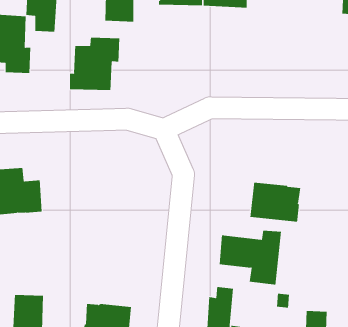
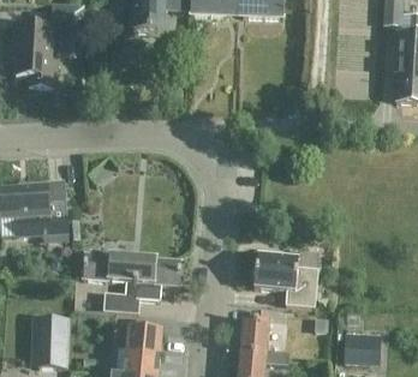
building: [69,37,120,91] -> none
building: [250,182,301,223] -> none
building: none -> [83,251,180,313]

